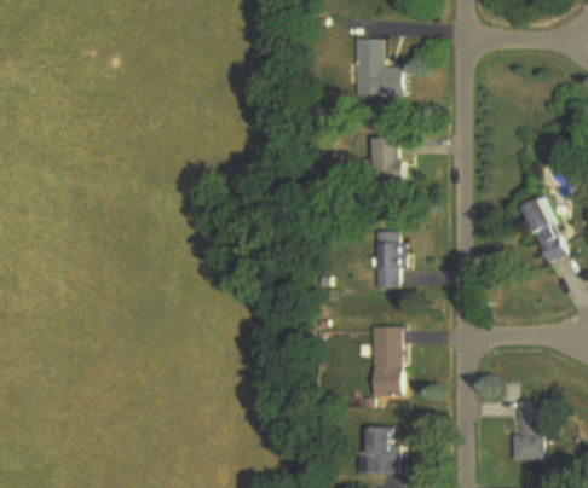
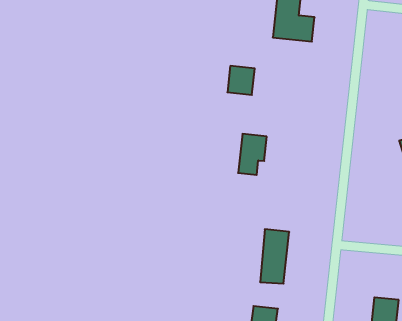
building: [374,152,404,185] -> [227,66,255,95]
building: [374,239,404,287] -> [238,134,267,175]

